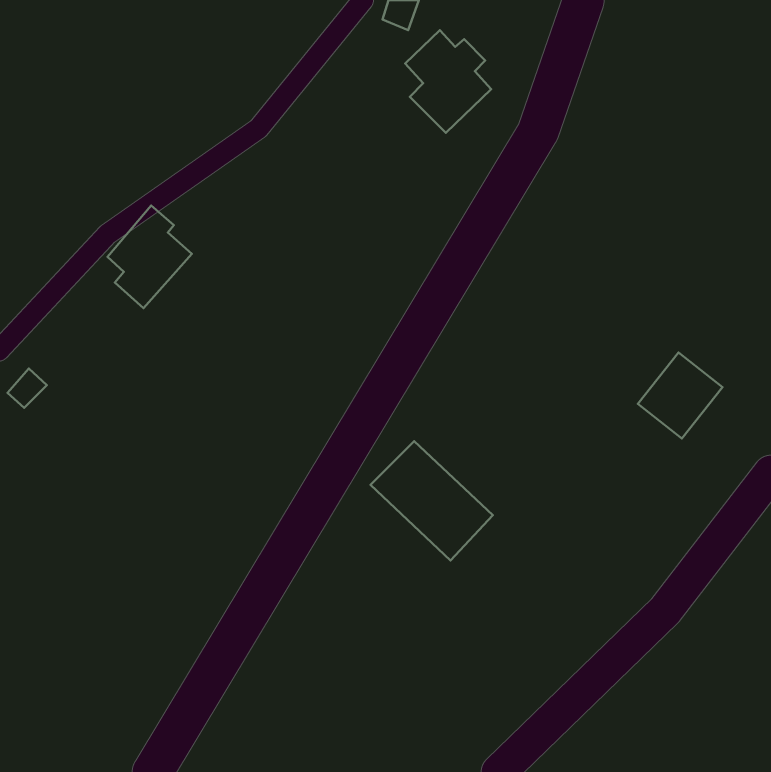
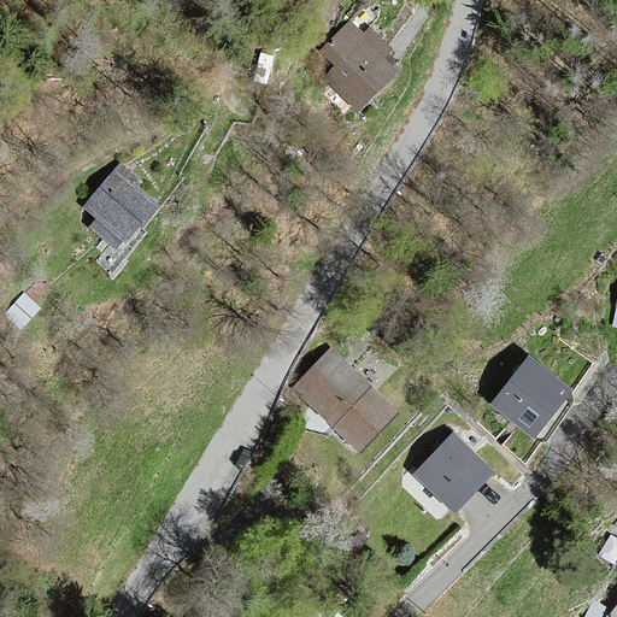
building: [638,352,723,439] -> [498,364,565,433]
building: none -> [416,436,489,509]

